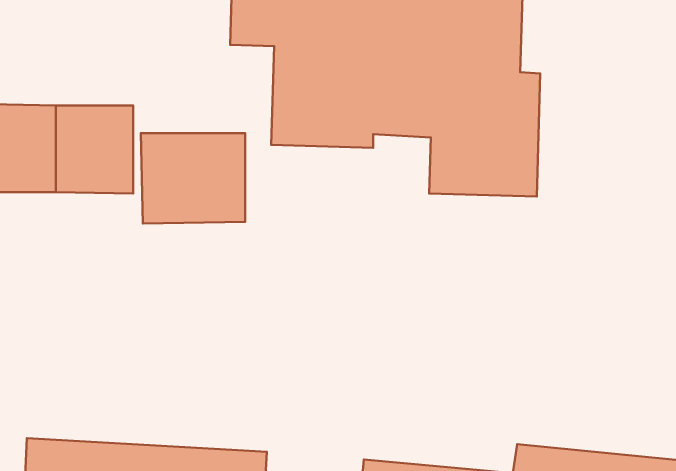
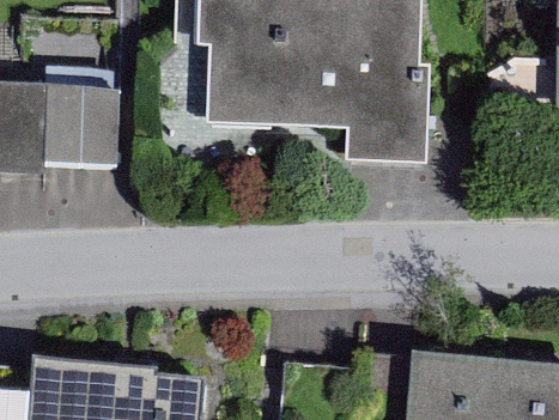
building: [141,133,245,224] -> none

